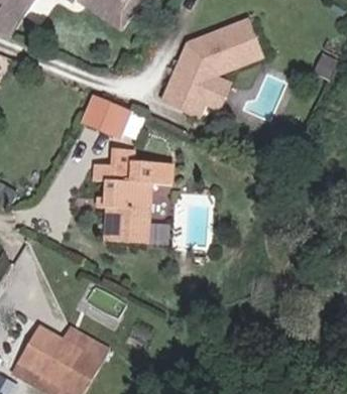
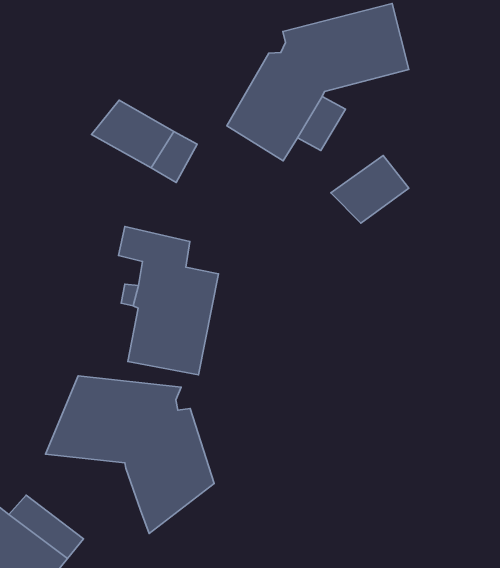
building: none -> [331,155,409,223]
building: none -> [46,376,214,534]

